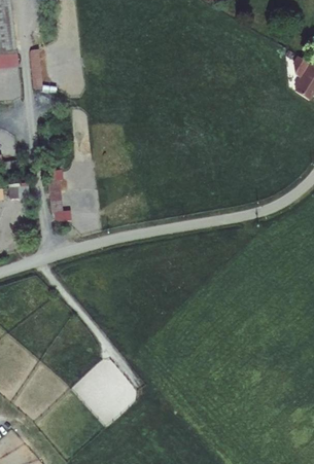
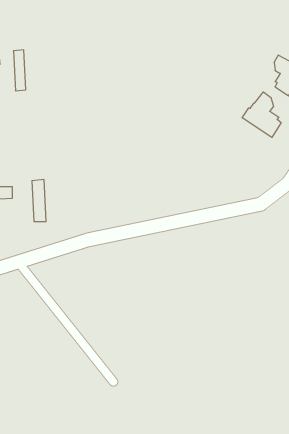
building: none -> [242,92,281,137]

